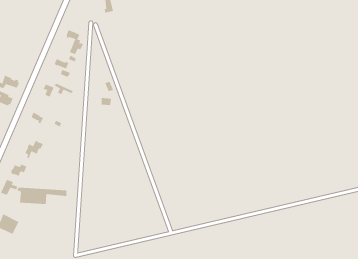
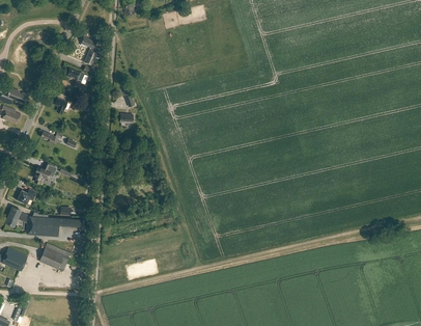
building: none -> [38,243,71,270]

